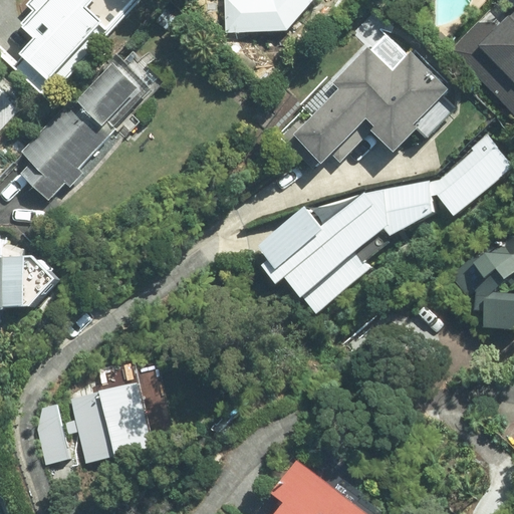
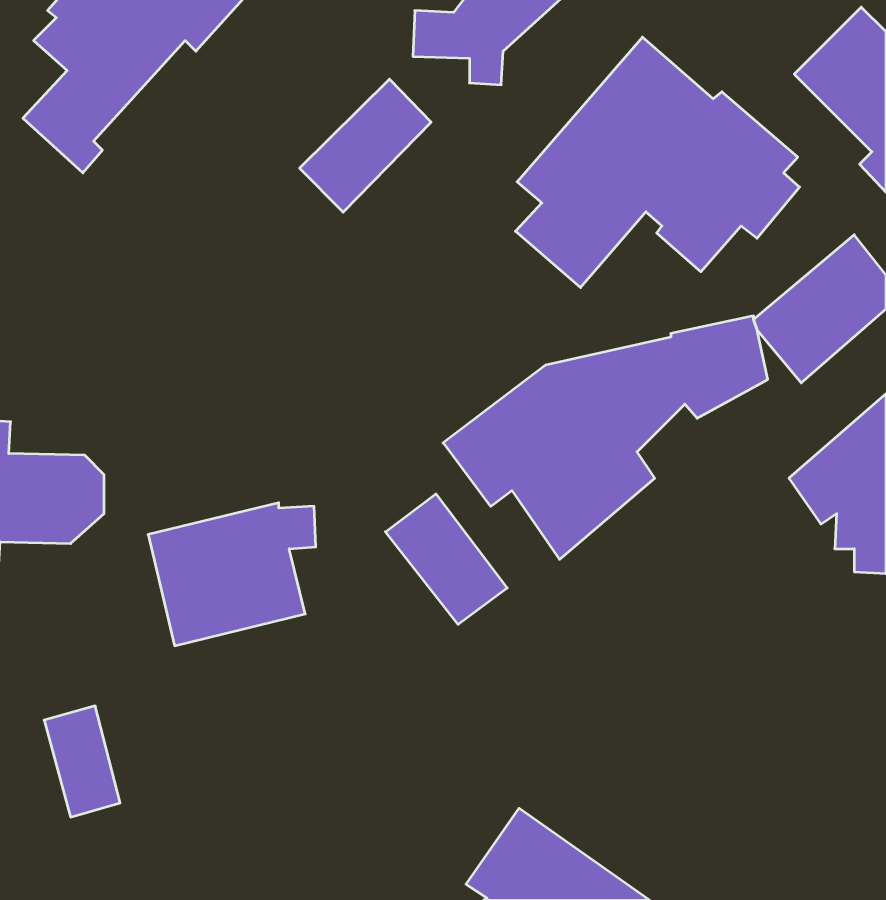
building: [14,38,160,198] -> none
building: none -> [300,79,431,212]
building: none -> [385,494,507,624]
building: [66,382,162,464] -> [148,503,316,646]

